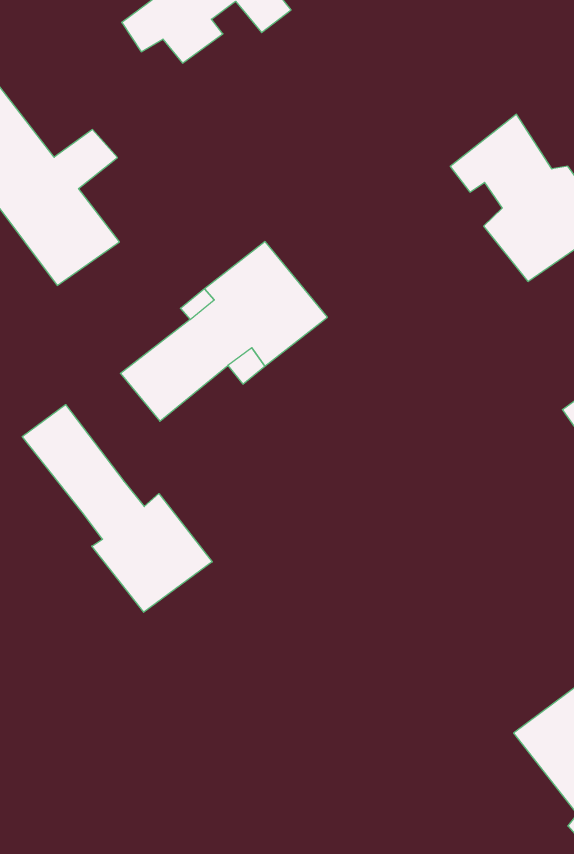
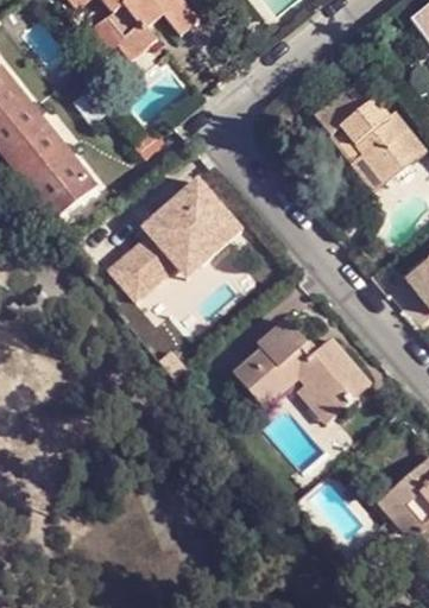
building: [22,405,212,612] -> none
building: none -> [232,317,372,423]

